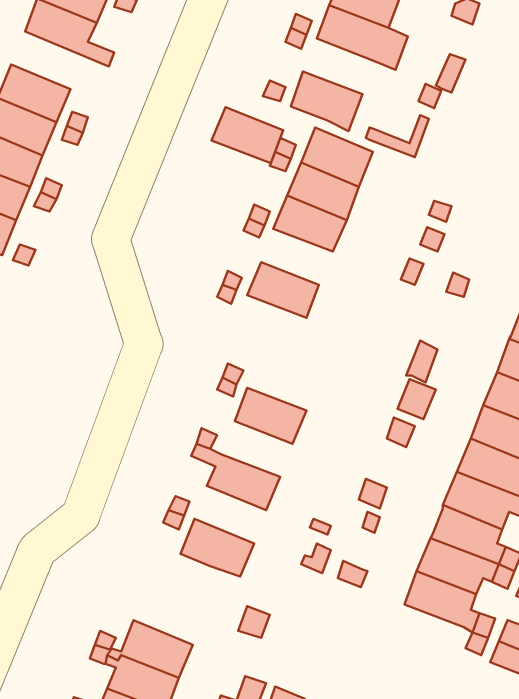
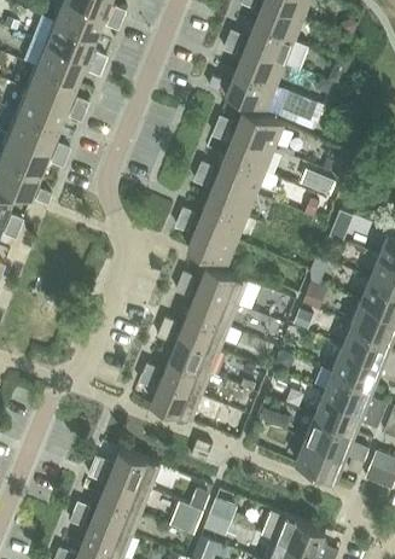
building: none -> [34,42,101,82]
building: [211,107,283,163] -> [236,47,285,86]
building: none -> [207,179,256,217]
building: none -> [187,225,238,264]
building: none -> [197,264,248,304]
building: none -> [179,311,228,350]
building: none -> [161,356,210,396]
building: none -> [296,438,347,478]

